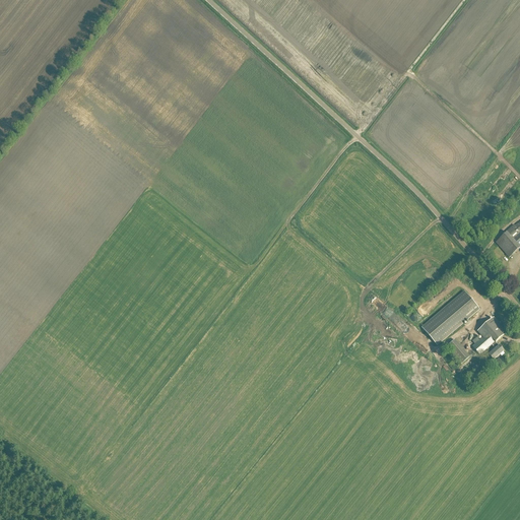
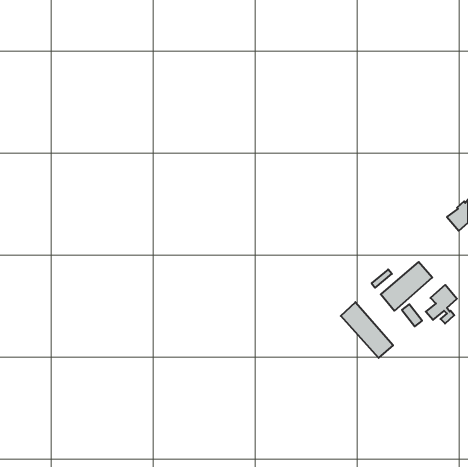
building: none -> [341,302,393,358]

